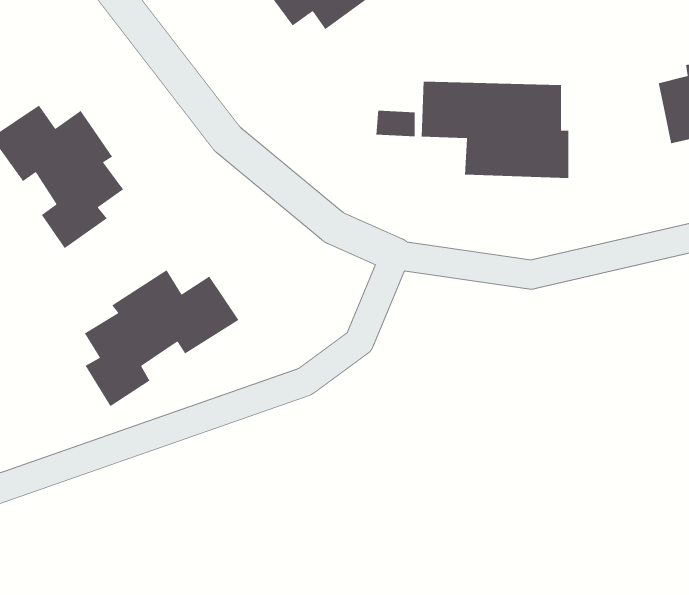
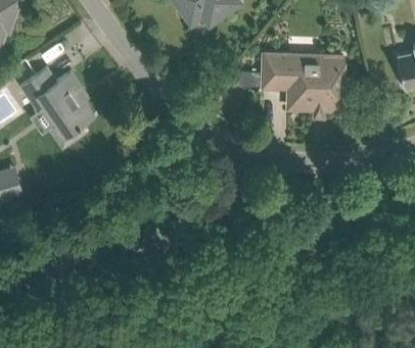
building: [84,269,239,407] -> none

